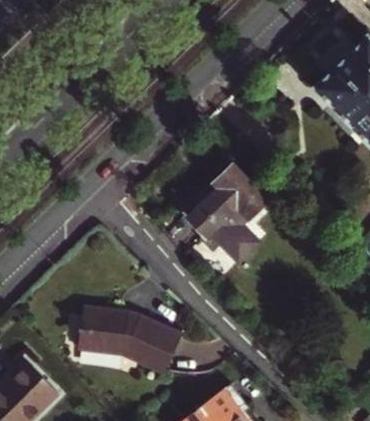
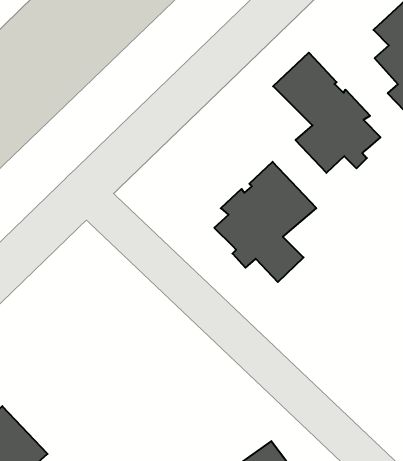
building: none -> [273,53,380,173]
building: [76,307,178,372] -> none

